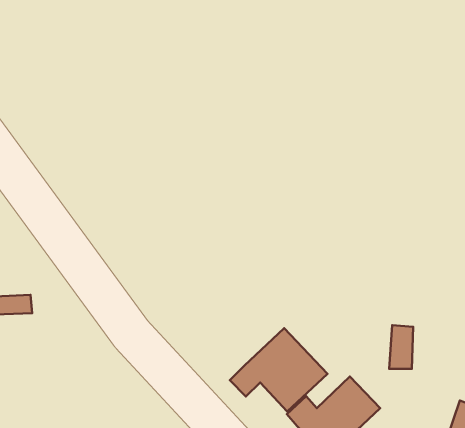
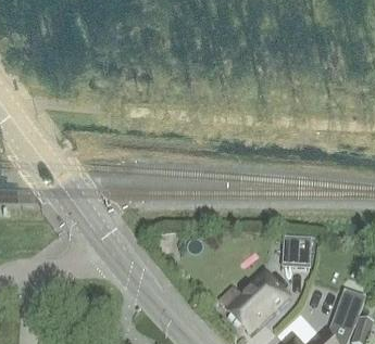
building: [230,328,327,412] -> none

